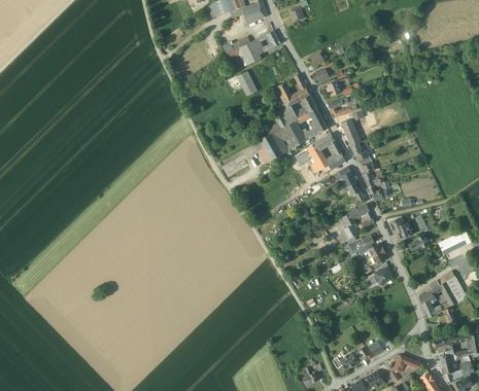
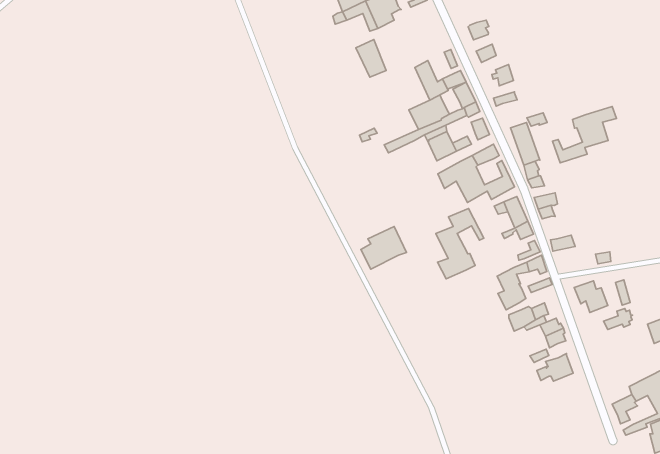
building: none -> [552,106,617,163]
building: [259,135,288,164] -> [361,226,407,269]
building: none -> [436,209,484,279]

